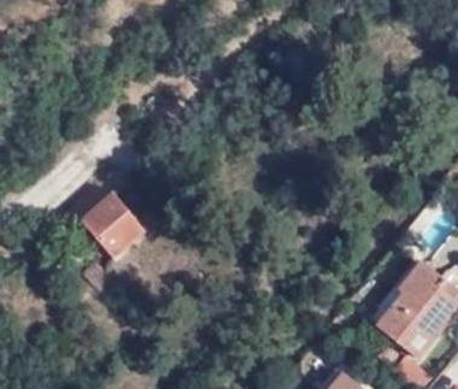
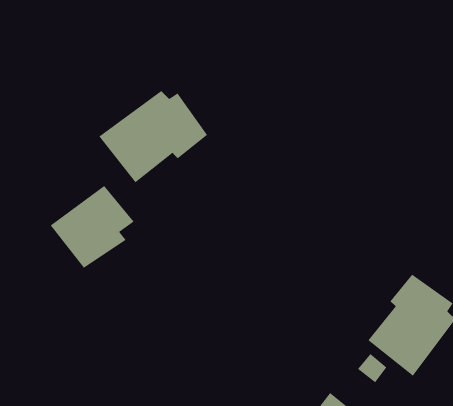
building: none -> [98,90,208,183]

